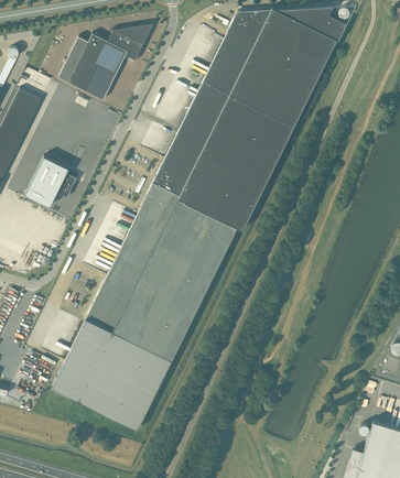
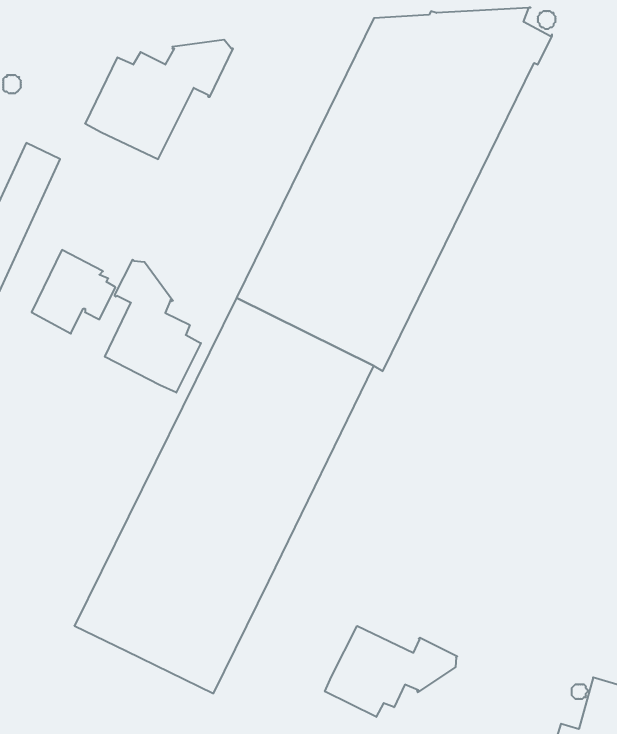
building: none -> [105,260,201,393]
building: none -> [325,626,457,717]

